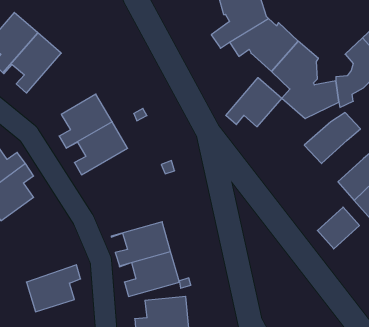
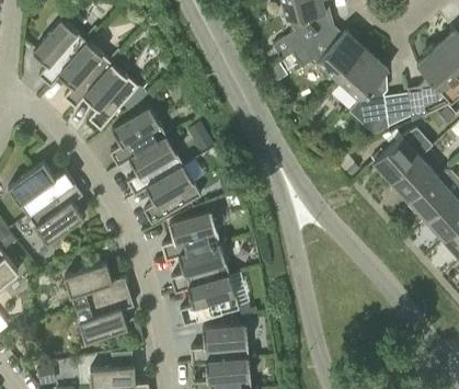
building: none -> [74,64,146,129]
building: [226,78,282,127] -> none
building: none -> [134,165,200,224]
building: none -> [161,211,220,260]
building: [317,207,359,249] -> [391,157,436,202]
building: none -> [64,263,128,309]

